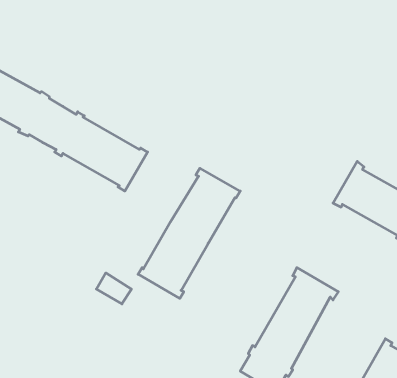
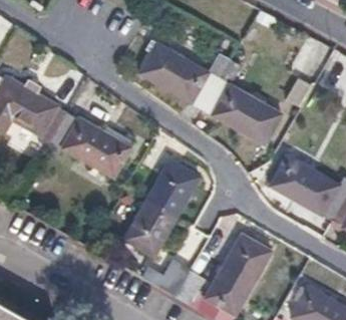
building: none -> [137,43,280,144]
building: none -> [156,257,204,302]

